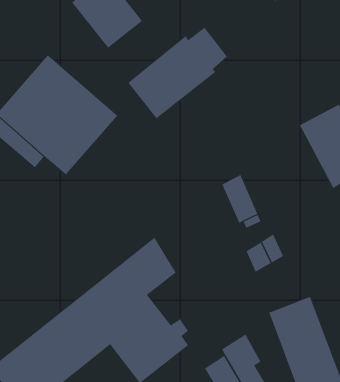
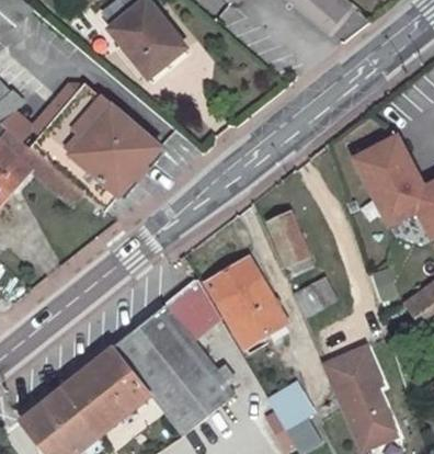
building: [127,27,227,119] -> none
building: none -> [209,257,288,347]

